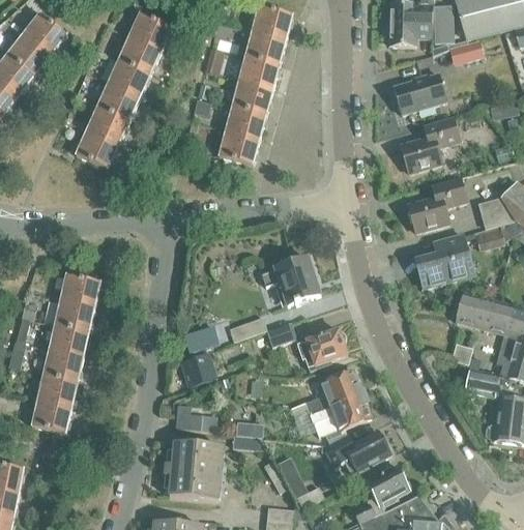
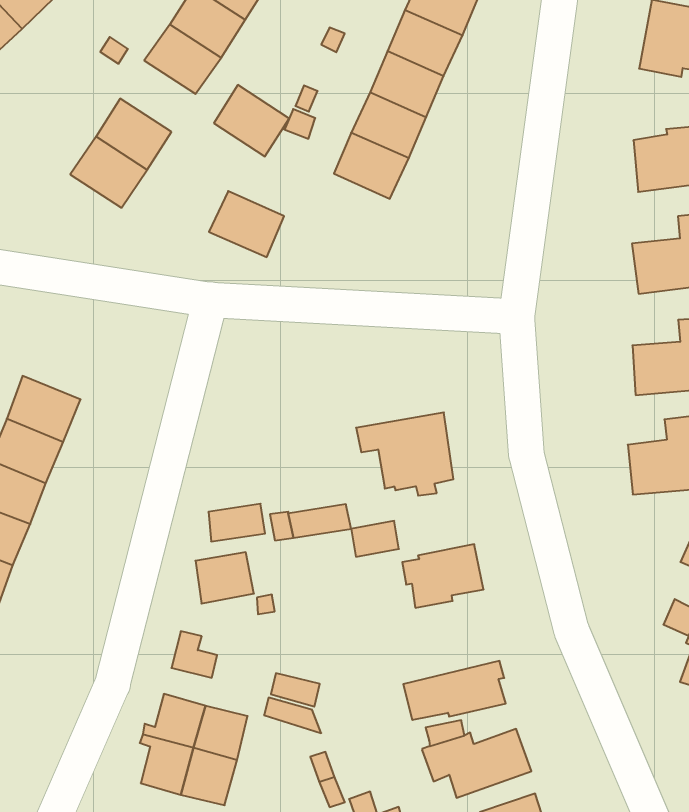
building: [96,83,139,121] -> [214,85,289,156]
building: [217,130,259,165] -> [209,191,284,257]
building: [291,371,362,419] -> none

